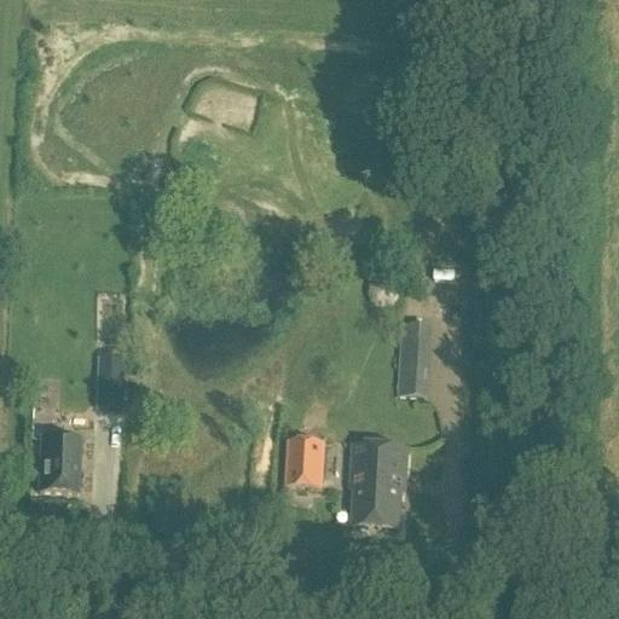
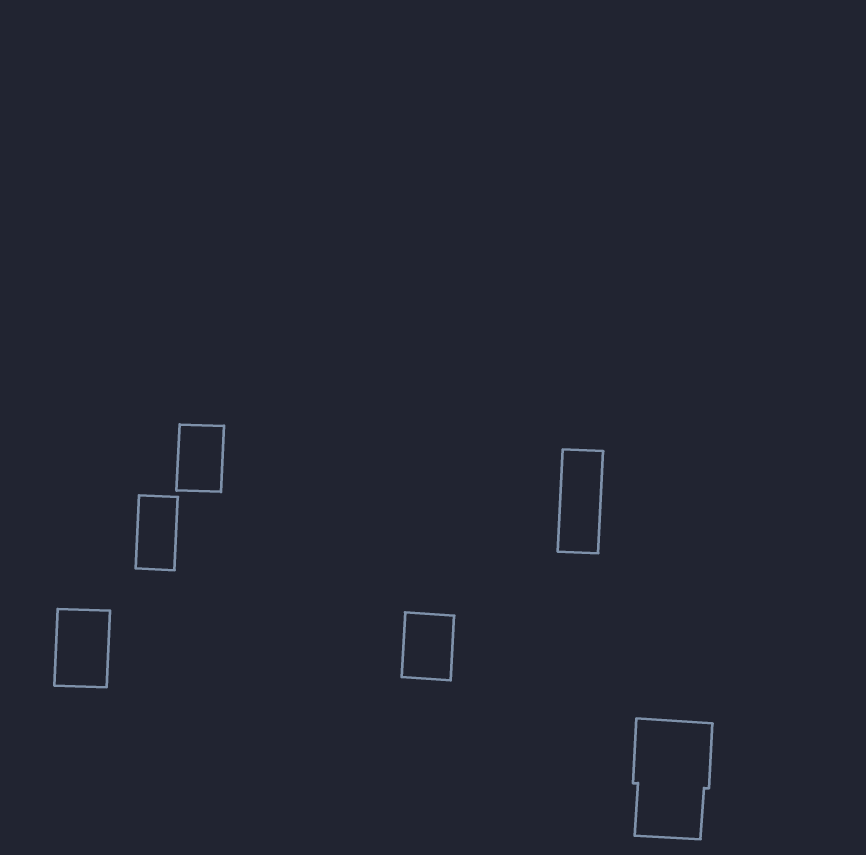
building: none -> [177,424,224,492]
building: [351,440,407,526] -> [633,719,713,839]

